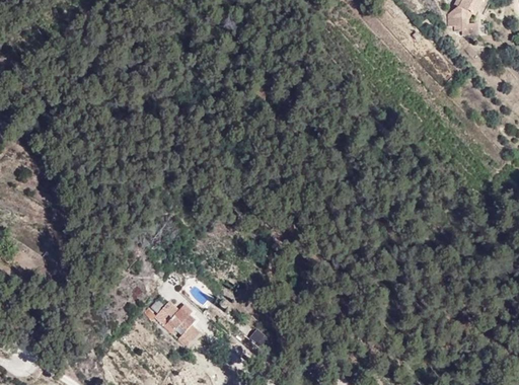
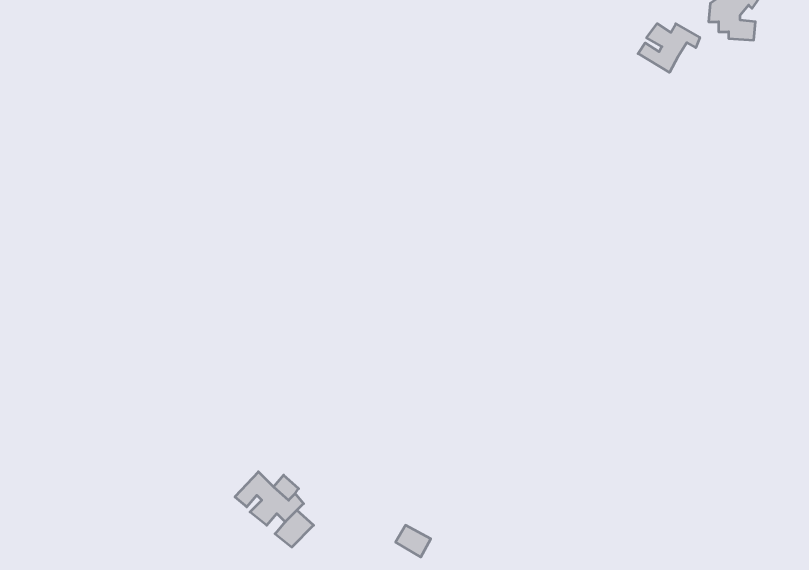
building: none -> [638,24,700,72]

